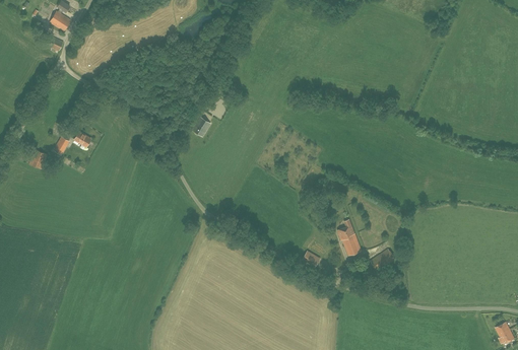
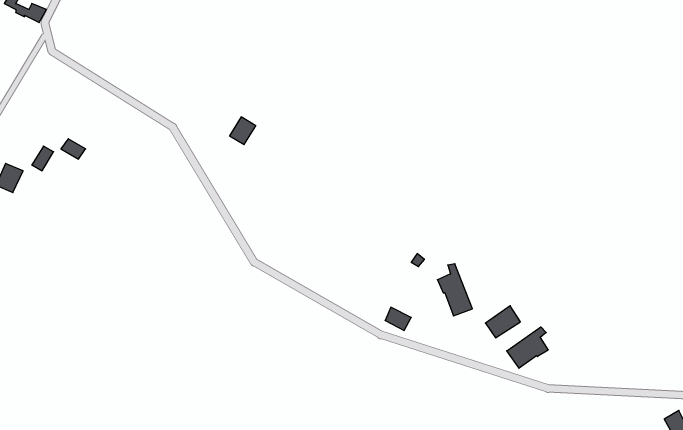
building: none -> [507,327,548,368]

